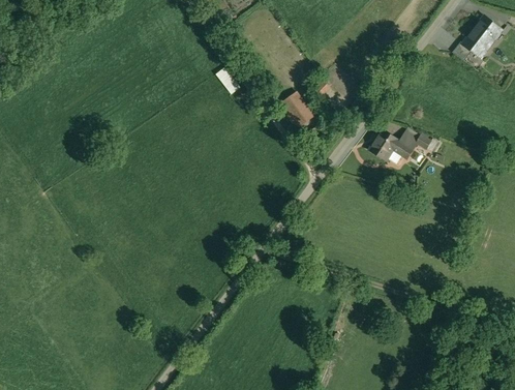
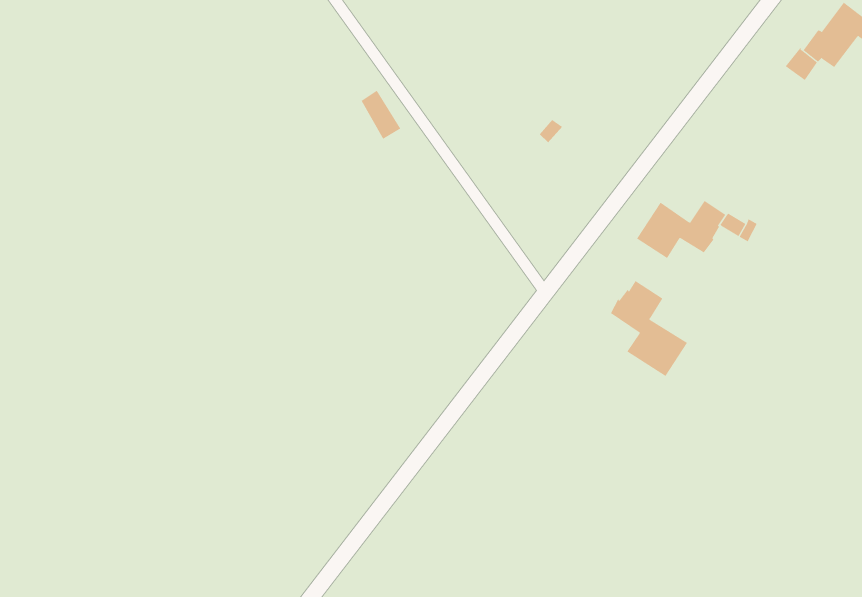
building: [276,90,312,128] -> none
building: none -> [610,280,688,377]

